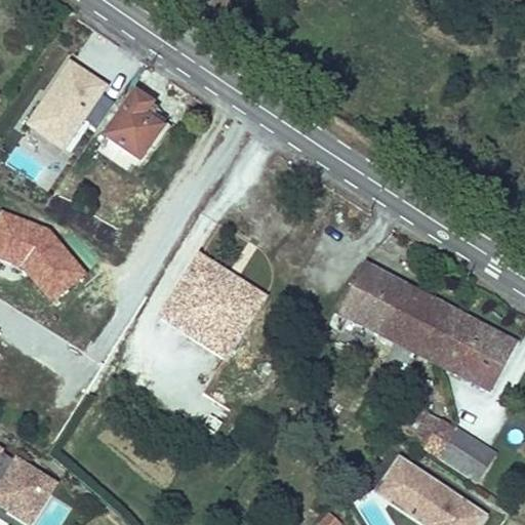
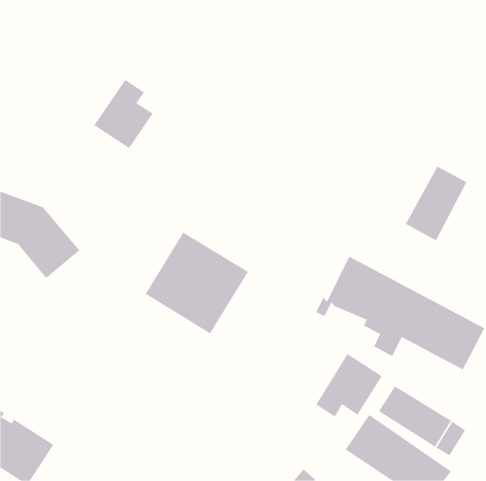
building: [25,54,115,147] -> none
building: none -> [405,166,467,241]
building: none -> [315,353,382,417]

